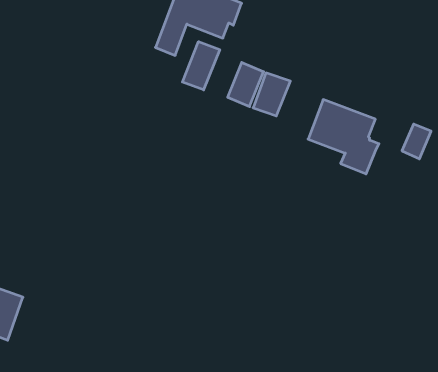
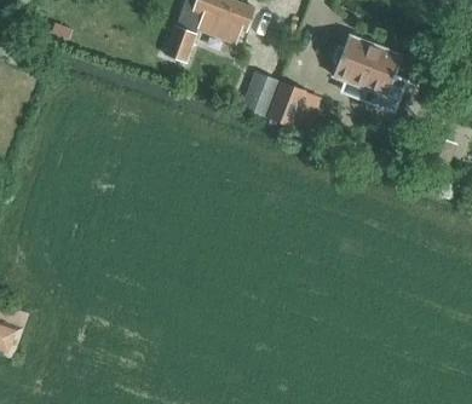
building: [182,42,220,90] -> none
building: [308,100,379,174] -> [332,34,405,111]

